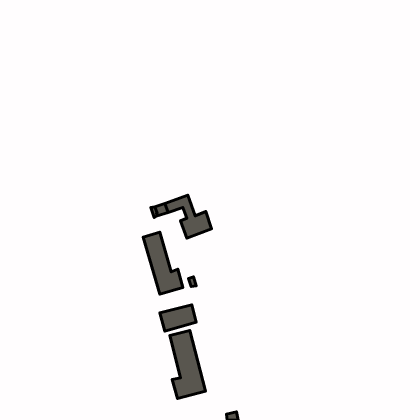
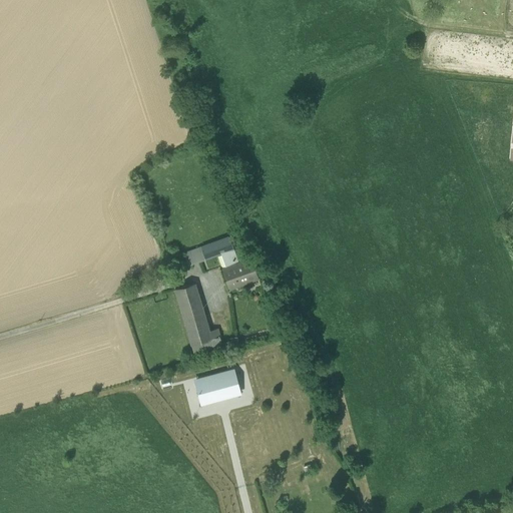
building: [170,331,206,399] -> none

